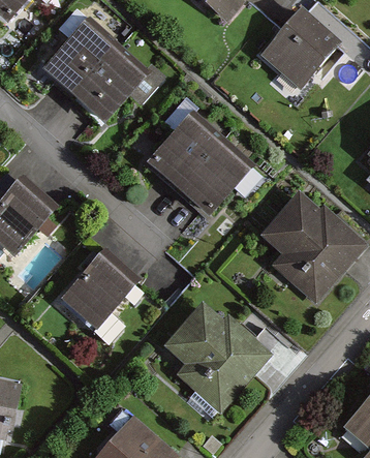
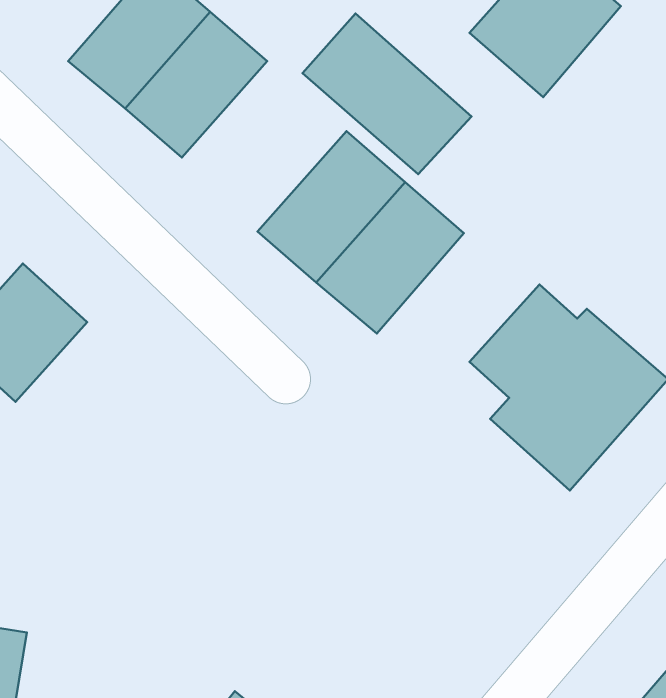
building: none -> [303,14,471,174]
building: [58,254,134,331] -> none
building: [162,301,272,411] -> none

